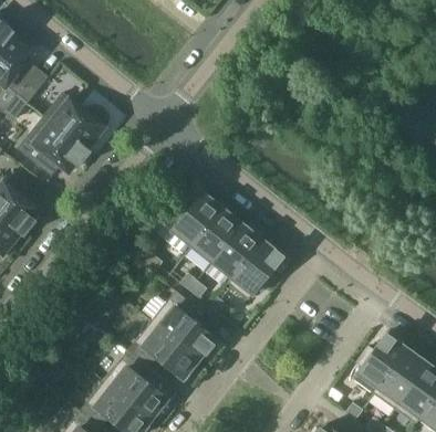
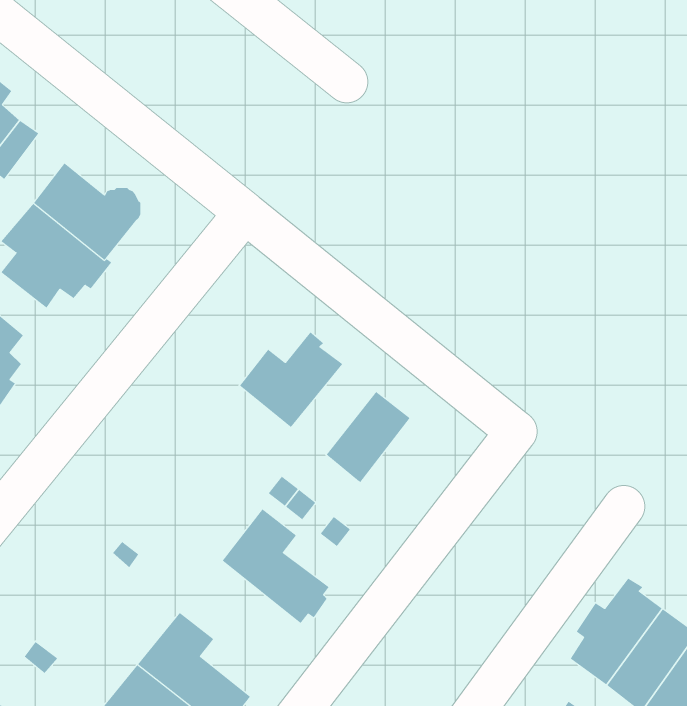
building: [194,210,242,262] -> none
building: [227,241,286,301] -> none
building: [129,323,199,381] -> none

